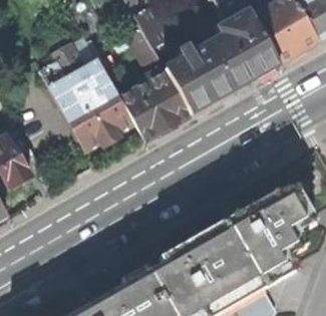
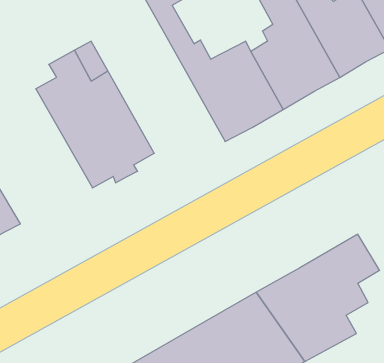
building: [120,22,190,139] -> none

